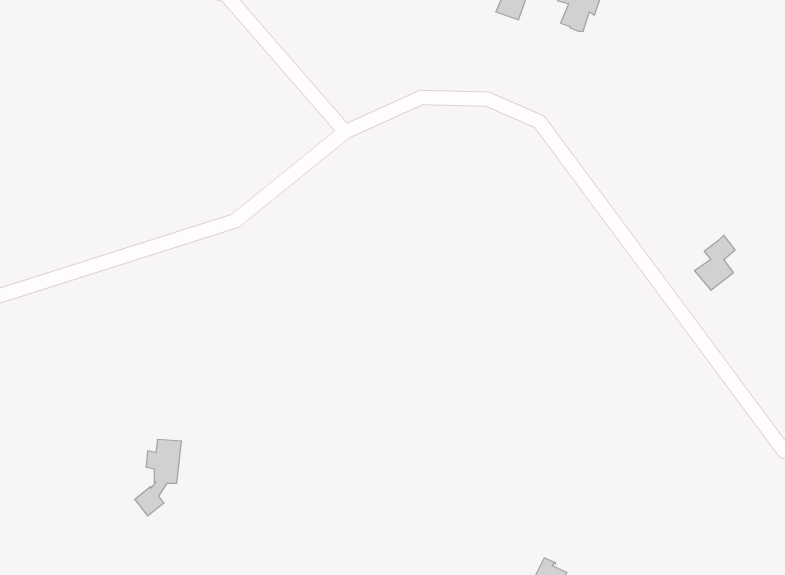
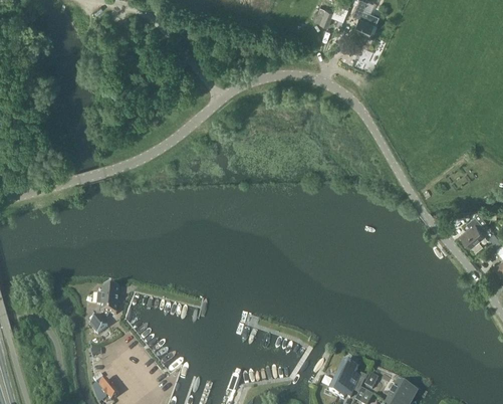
building: [695,235,735,290] -> [460,213,485,247]

